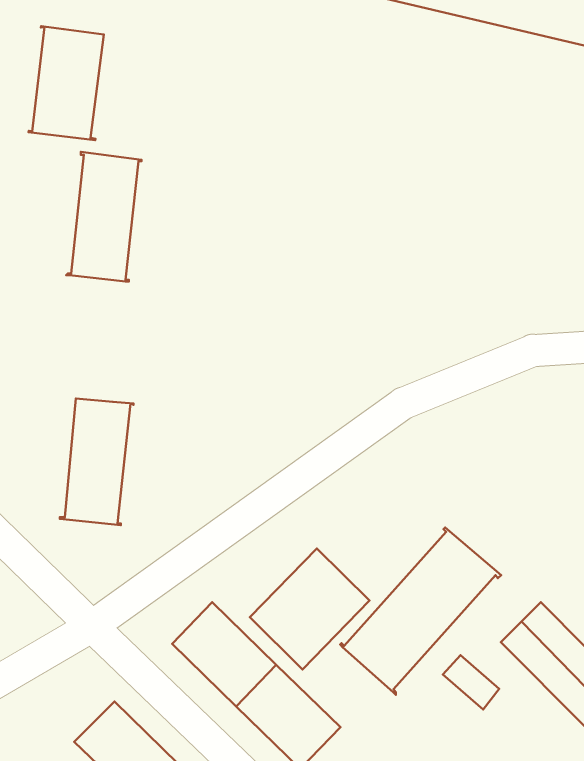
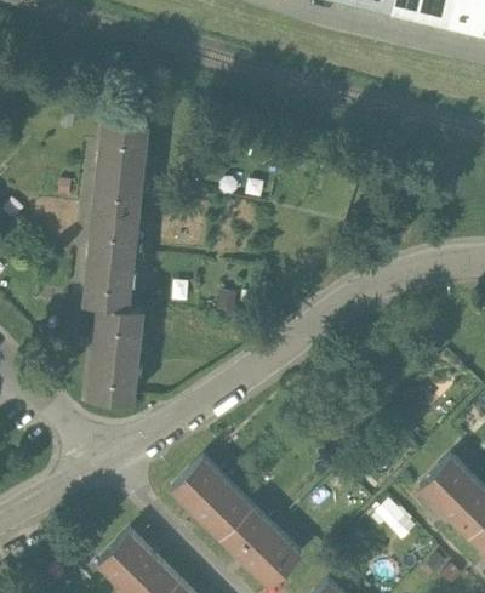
building: [28,26,104,140] -> none
building: none -> [82,209,137,304]
building: [340,528,501,695] -> none
building: [250,548,370,669] -> none

